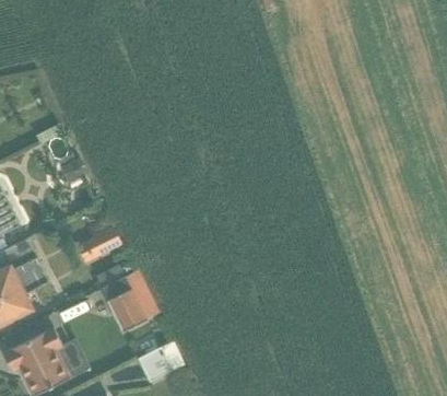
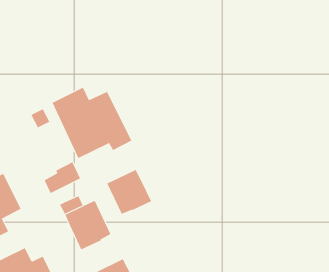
building: none -> [52,87,132,159]
building: none -> [107,169,152,214]

